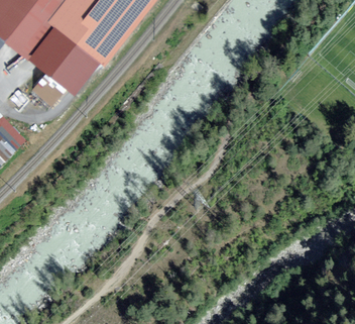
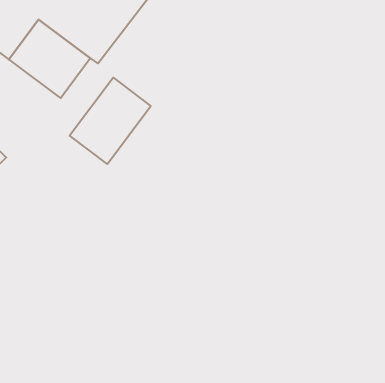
building: none -> [70,78,151,164]

